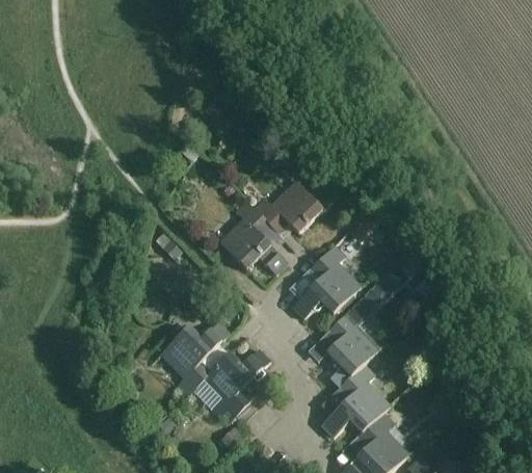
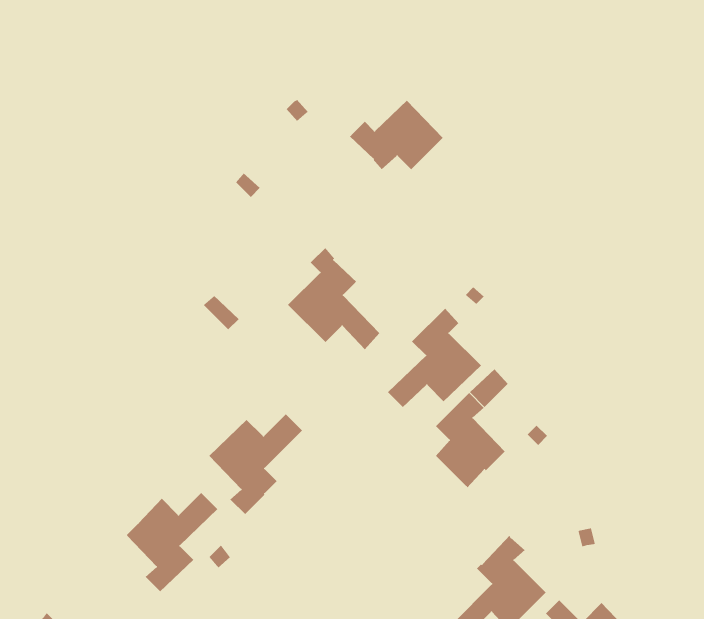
building: [251,181,321,233] -> [349,100,444,170]
building: [201,348,269,422] -> [125,492,218,592]
building: [320,363,390,439] -> none

